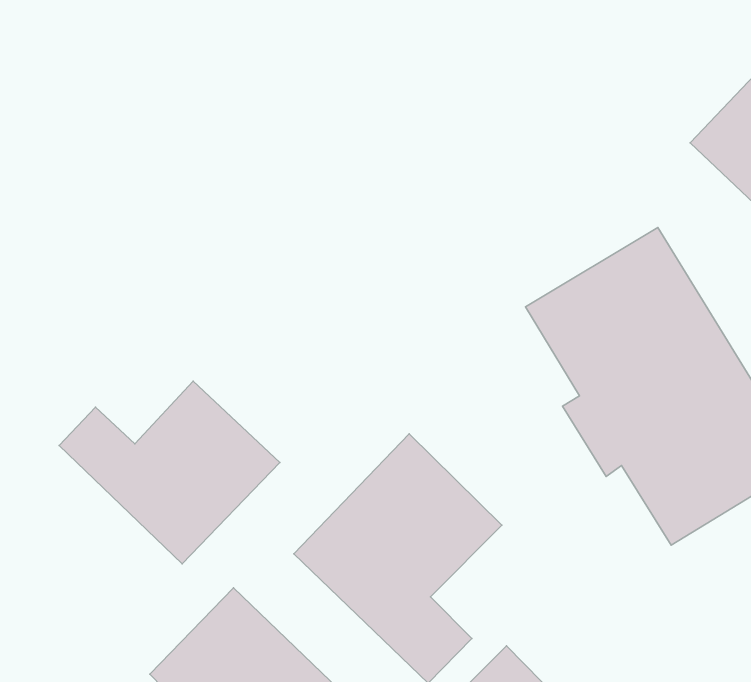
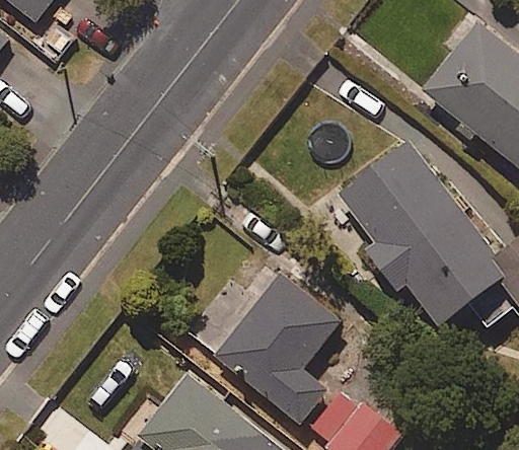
building: [59,381,280,564] -> none

